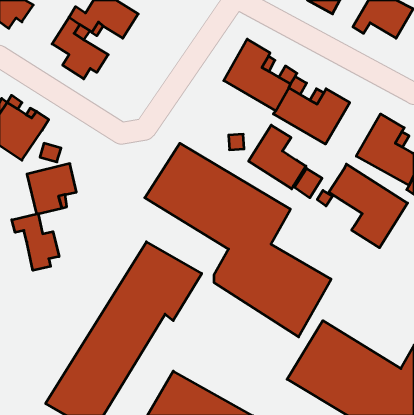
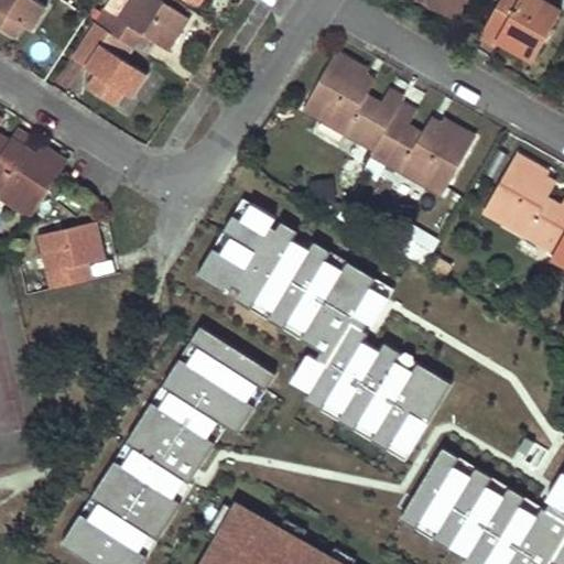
building: [249,125,306,189] -> none
building: [329,164,408,248] -> none
building: [12,214,59,270] -> none

